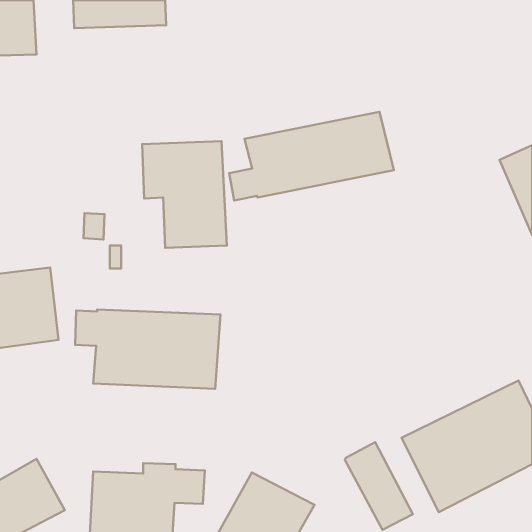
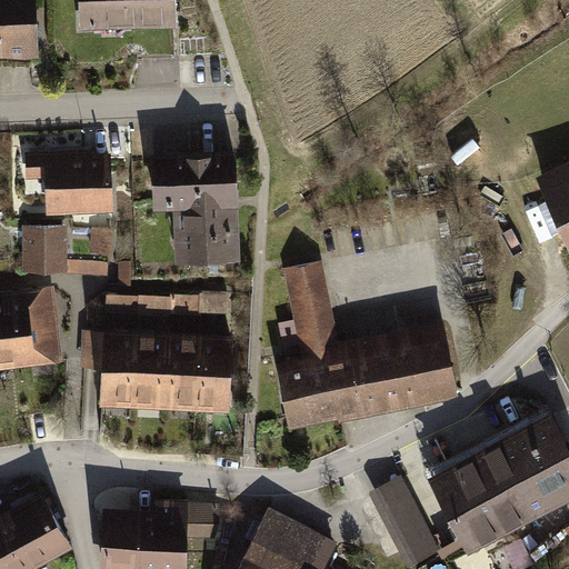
building: [229,112,394,201] -> none
building: none -> [24,152,112,216]
building: none -> [21,227,107,277]
building: none -> [277,264,460,431]
building: none -> [104,293,228,317]

